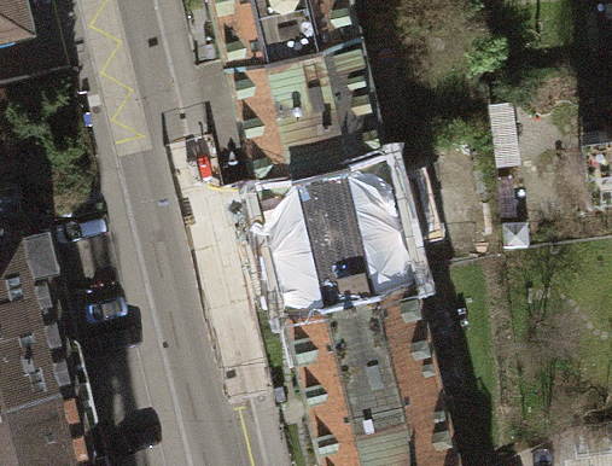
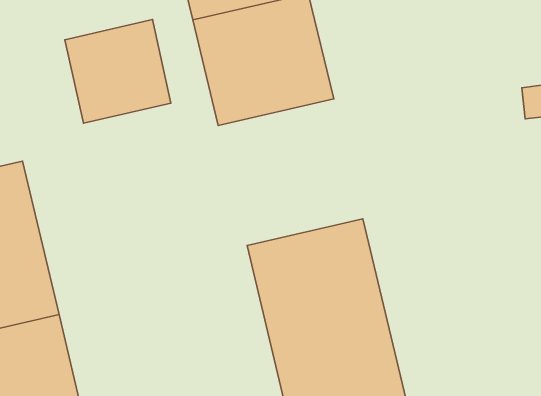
building: none -> [65,20,171,123]
building: [255,138,412,297] -> none

